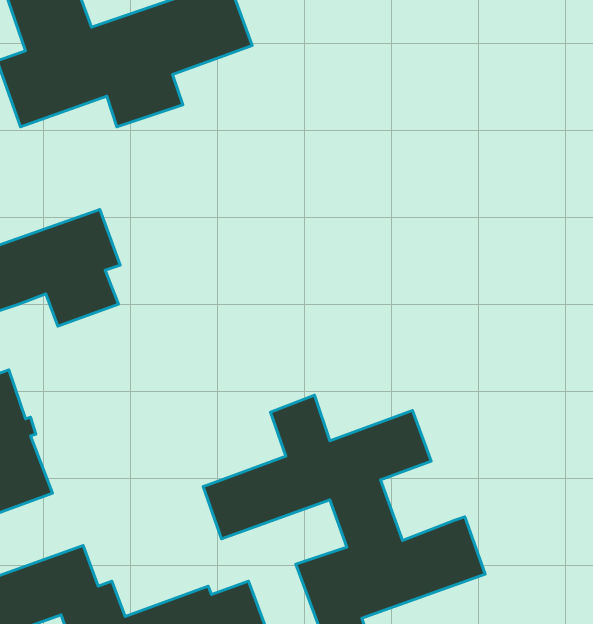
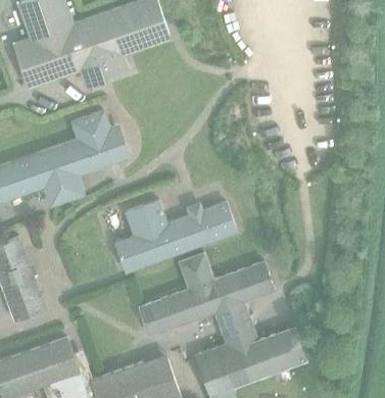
building: none -> [68,107,131,171]
building: none -> [114,200,237,270]

